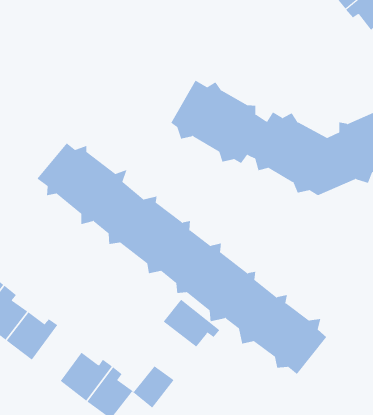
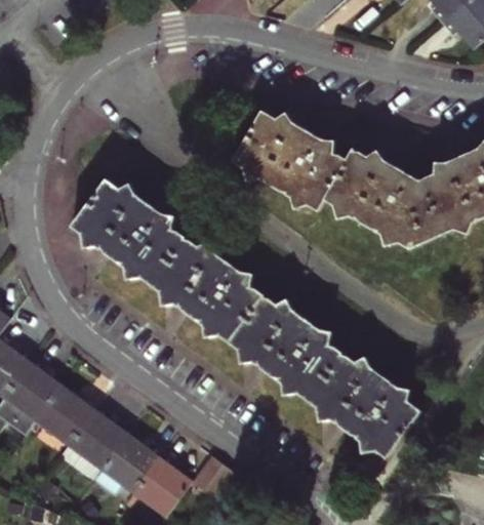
building: [163,299,220,347] -> none
building: none -> [68,402,126,469]

